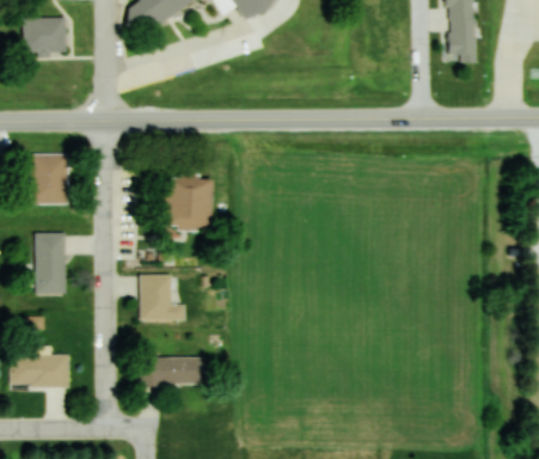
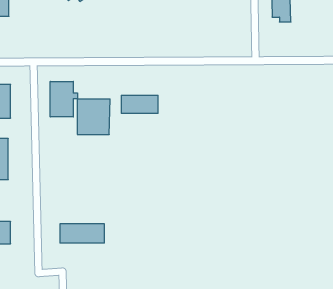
building: none -> [50,81,77,117]
building: none -> [121,95,158,113]
building: [139,274,185,320] -> none

